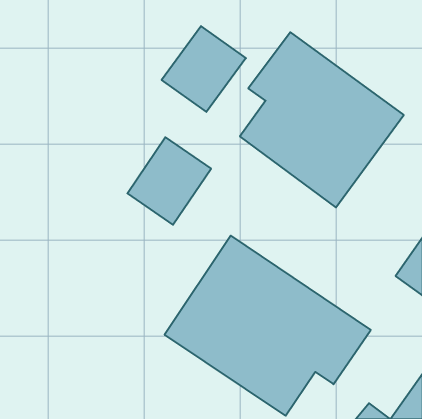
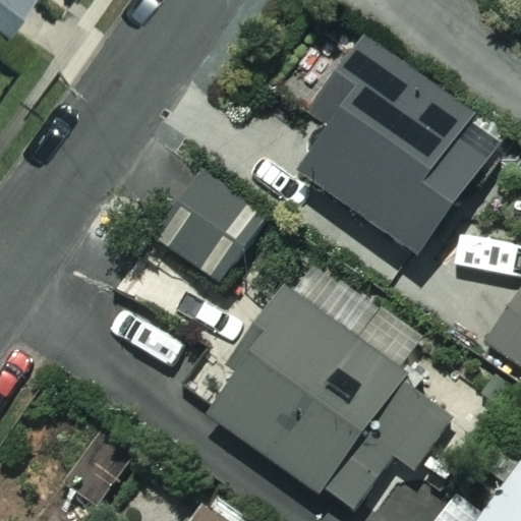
building: [162,26,246,112] -> none

